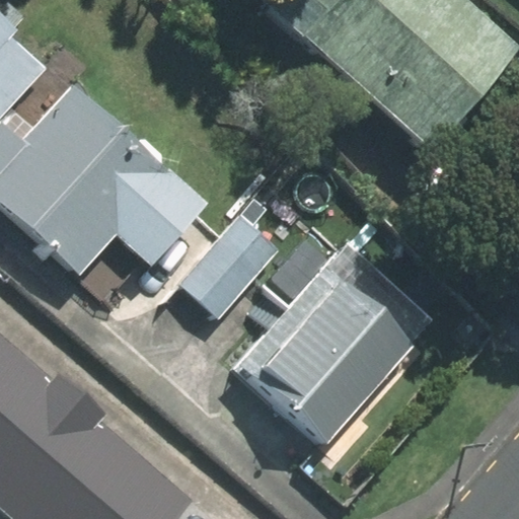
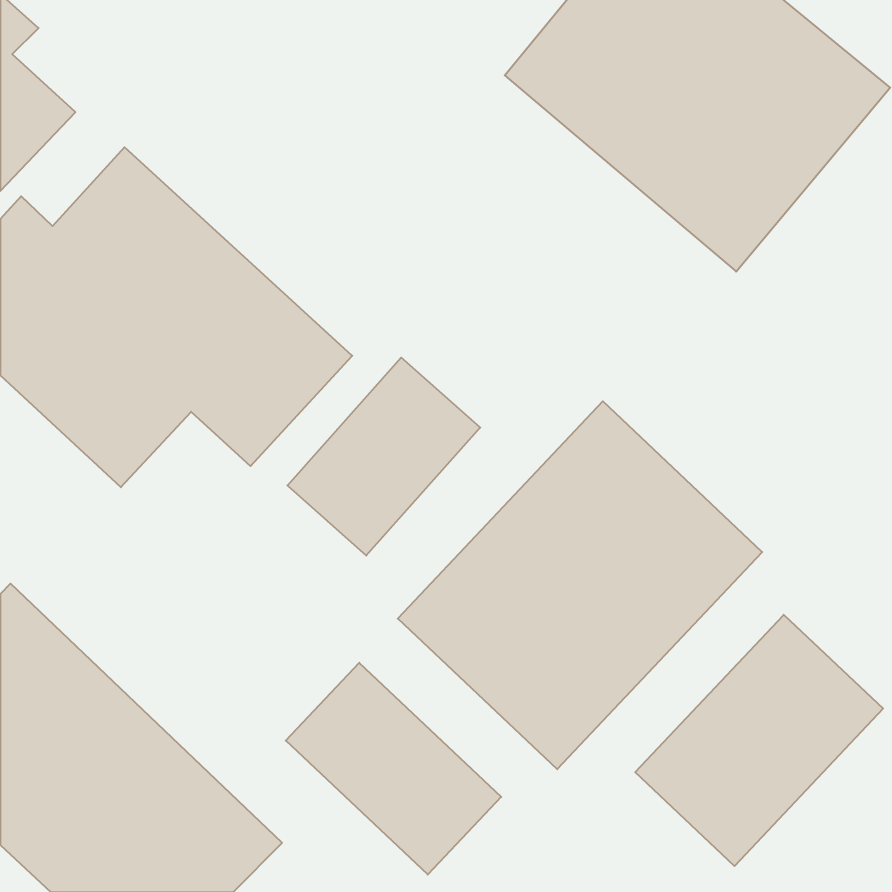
building: none -> [635,615,883,866]
building: none -> [286,663,501,875]

